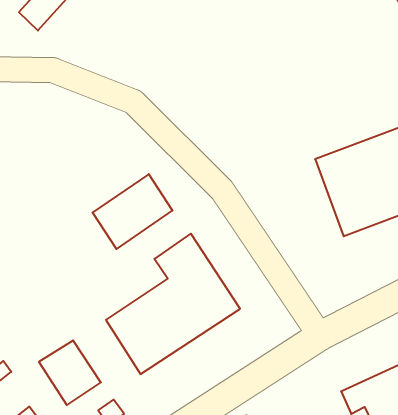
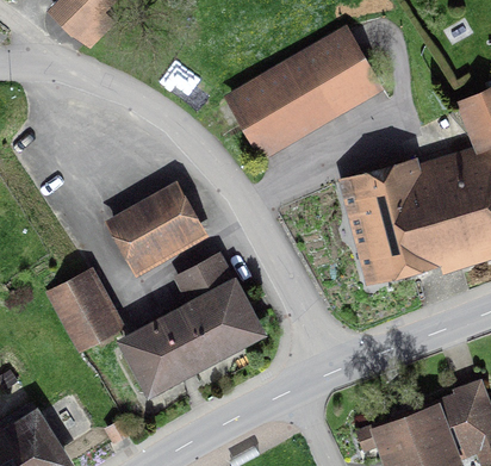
building: none -> [234,36,377,155]
building: [39,340,101,405] -> [55,278,117,343]

